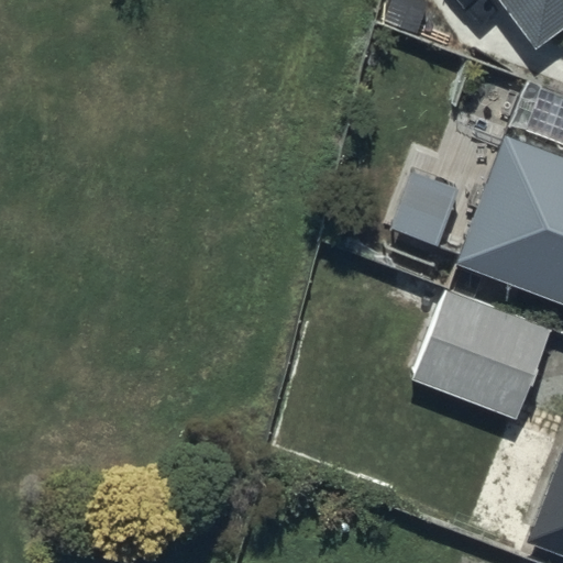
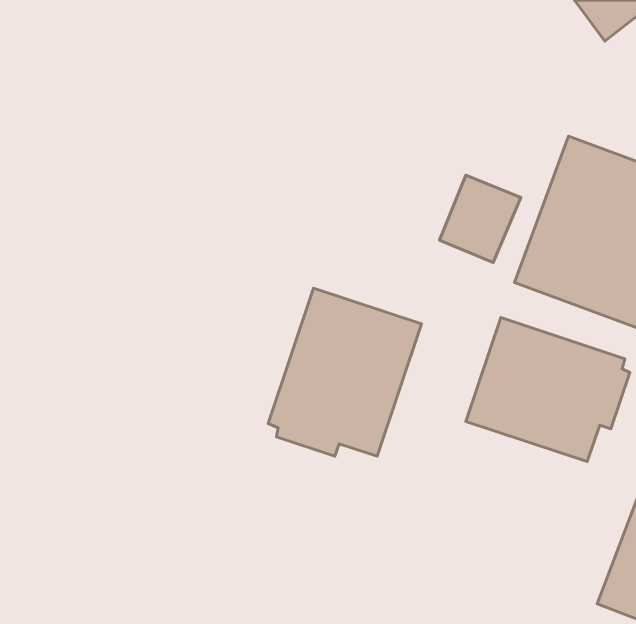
building: none -> [268,288,422,456]

